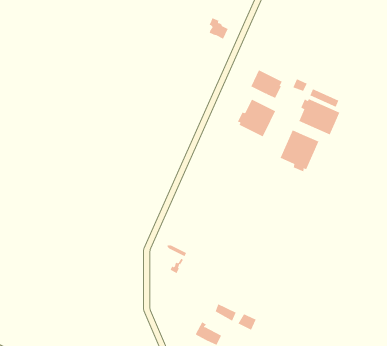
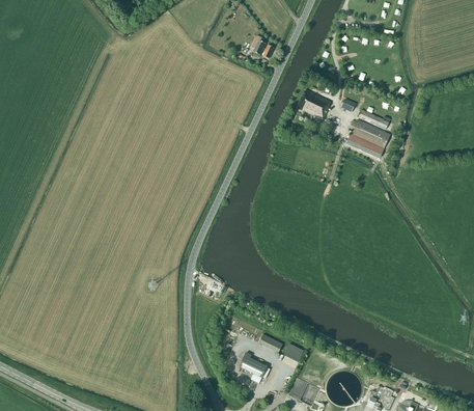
building: [237,99,276,137] -> none
building: [280,130,319,172] -> none

